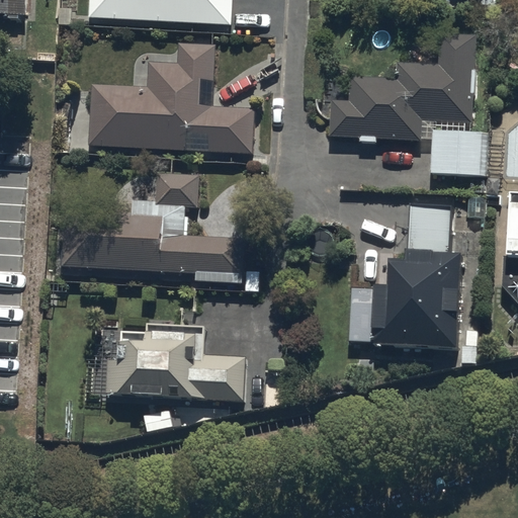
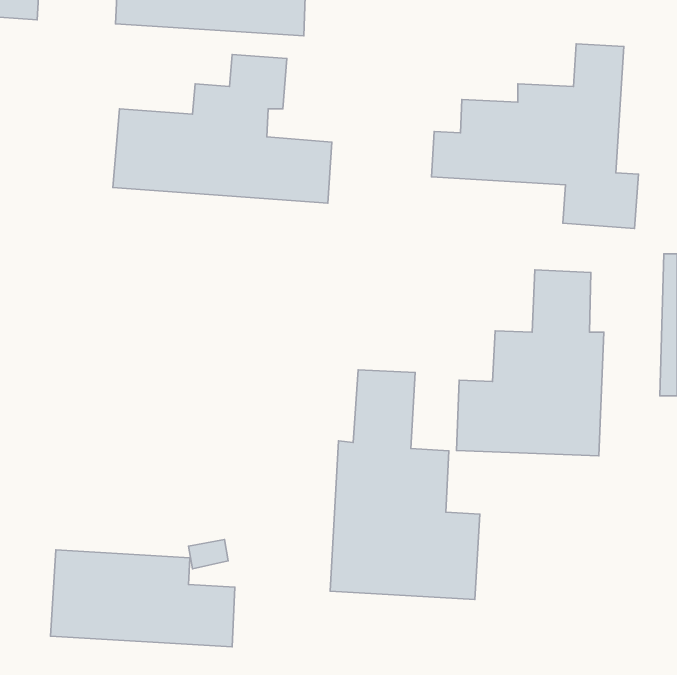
building: [62,173,258,292] -> none
building: none -> [330,370,480,600]
building: [109,326,250,400] -> [50,550,235,647]

